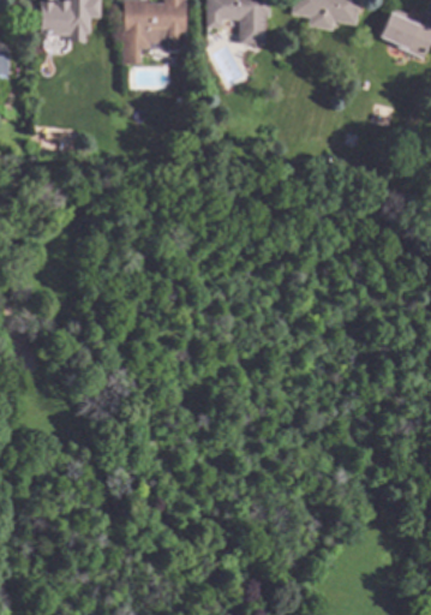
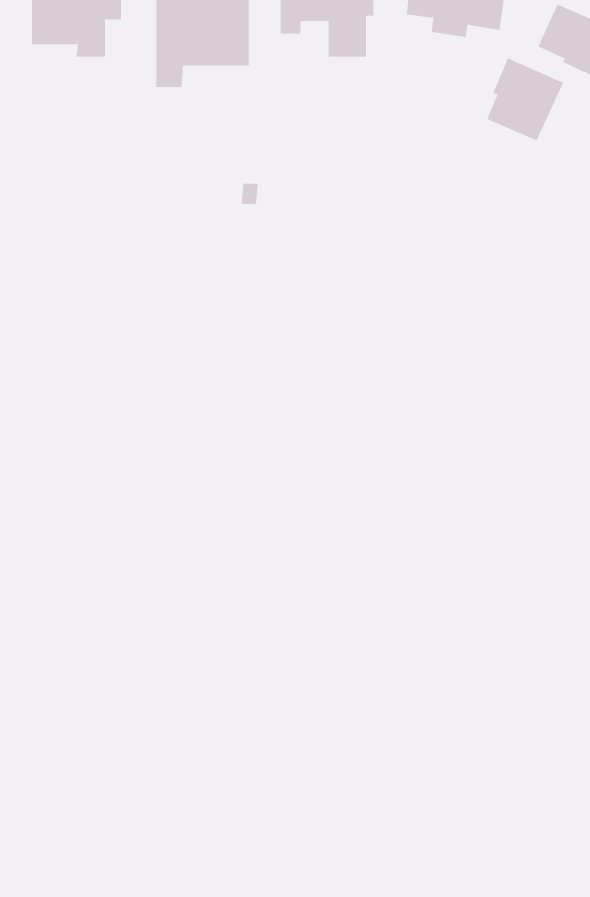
building: none -> [487,58,564,141]

